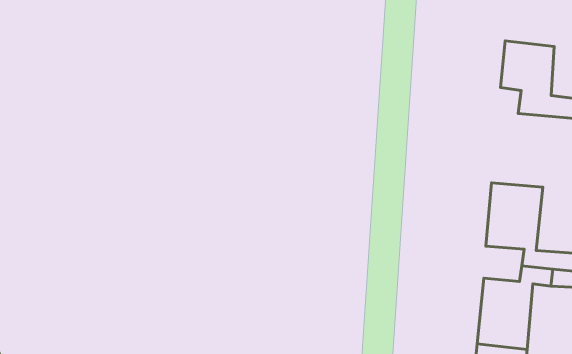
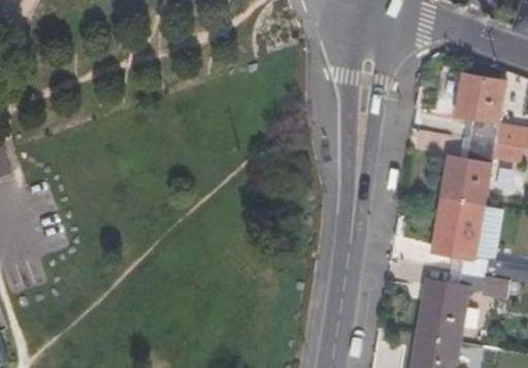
building: none -> [439,137,509,203]

